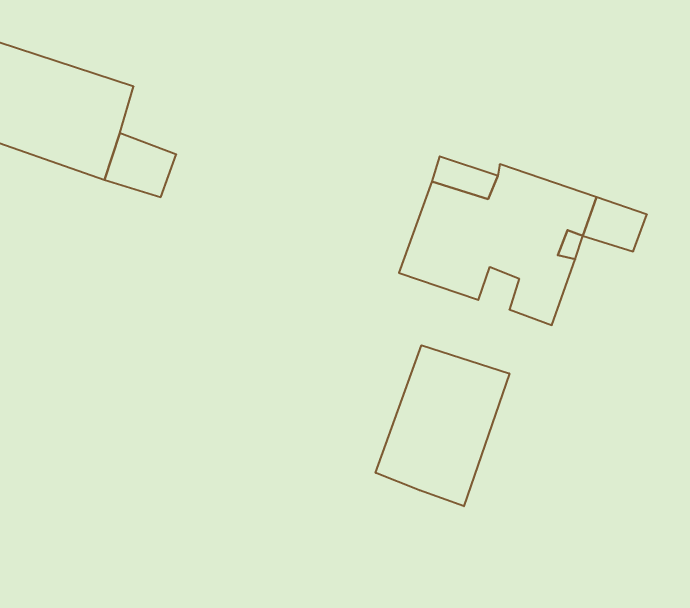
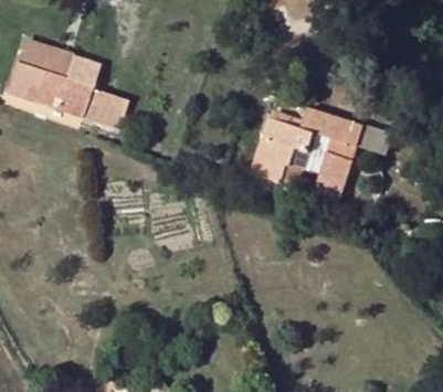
building: [376,345,509,506] -> none

